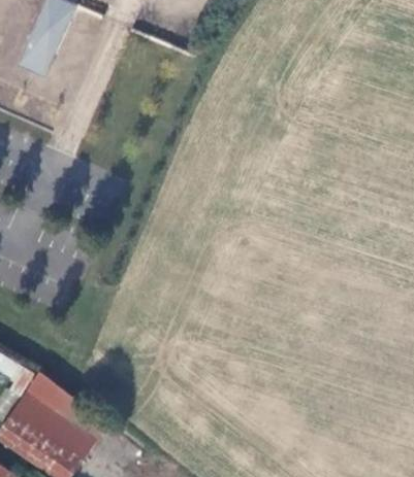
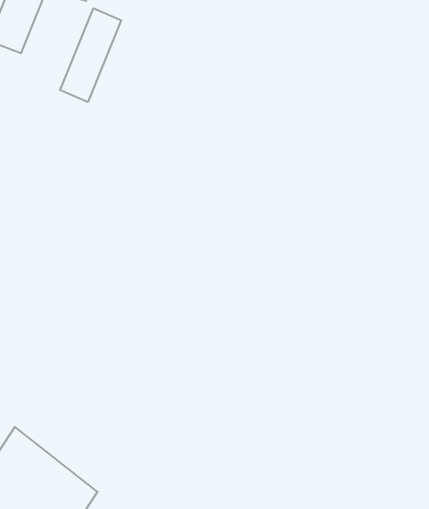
building: none -> [60,8,121,102]

